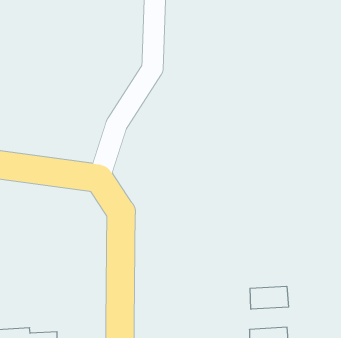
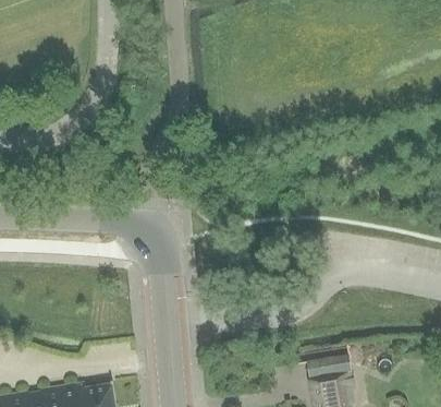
building: [250,286,289,309] -> none

